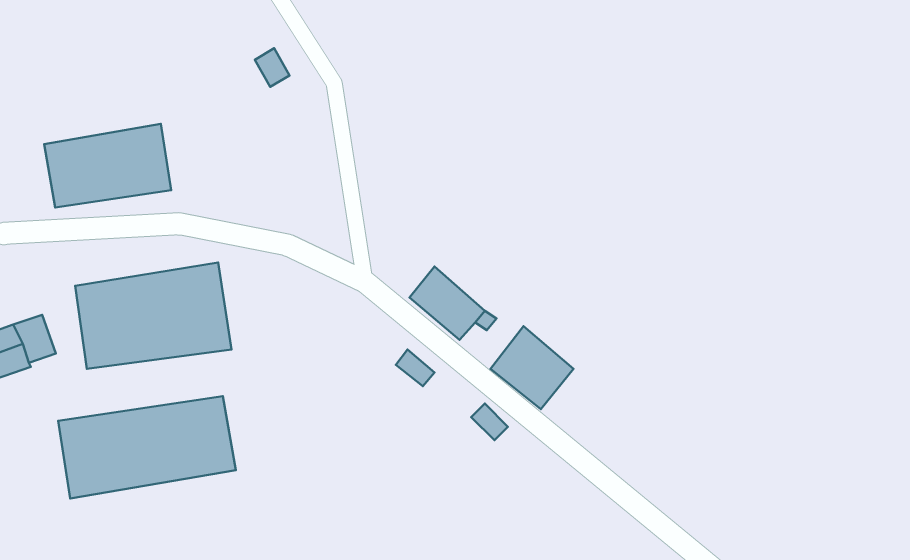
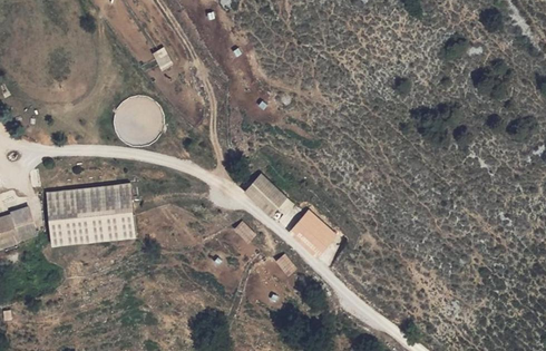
building: [44,124,171,207] -> none
building: [58,396,236,499] -> none

